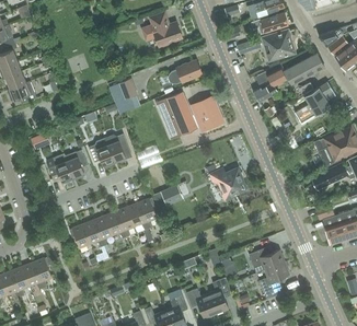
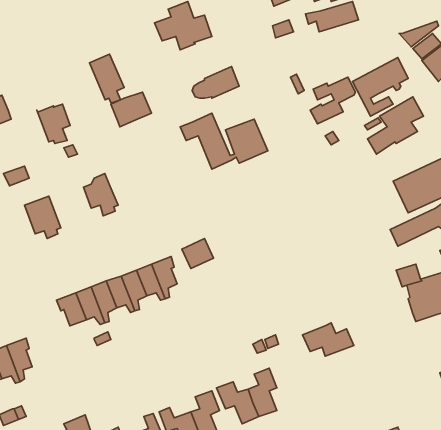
building: [237,28,296,61] -> none
building: none -> [89,54,124,103]
building: [104,133,129,162] -> none
building: [64,149,88,177] -> [37,104,70,143]
building: [209,168,245,199] -> none
building: [258,261,289,299] -> none

